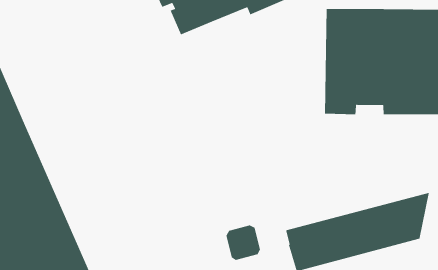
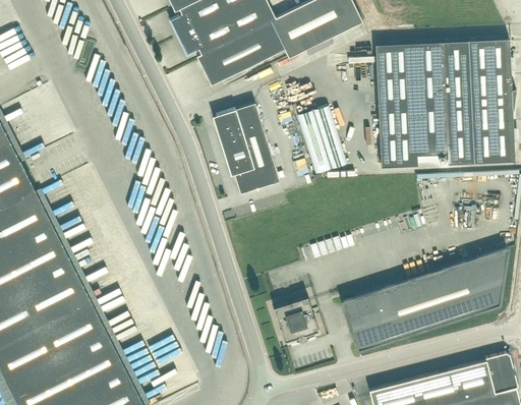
building: none -> [211,103,279,194]
building: none -> [296,107,345,174]

